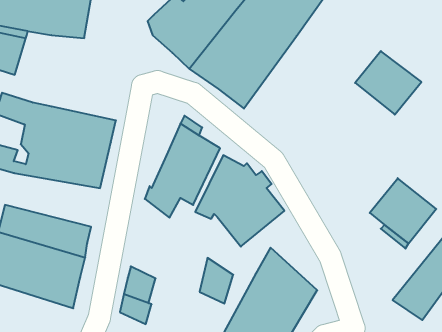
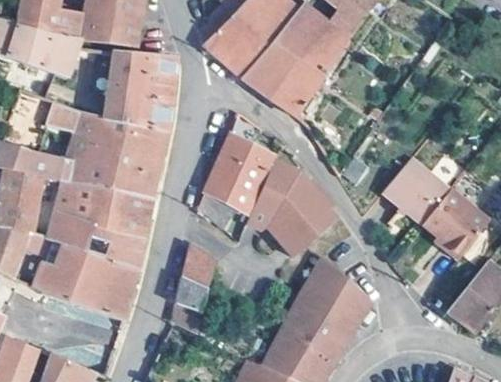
building: none -> [102,53,176,130]
building: [355,51,421,115] -> [383,159,450,223]
building: none -> [55,183,151,237]
building: [200,258,233,304] -> [182,243,216,289]

